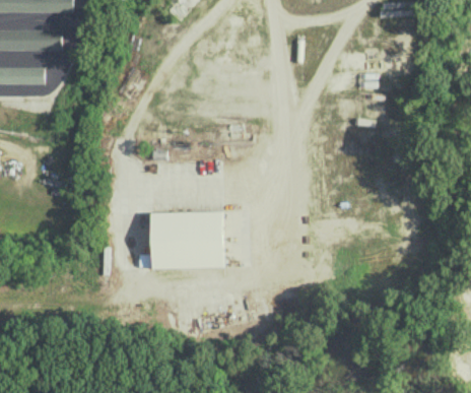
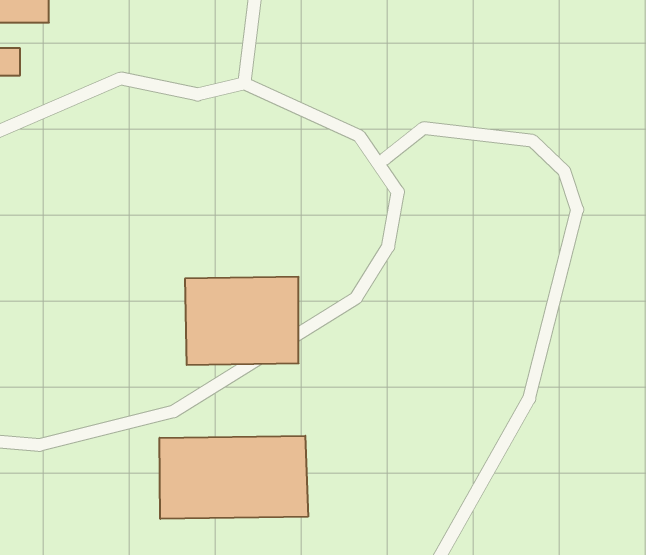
building: none -> [160,436,308,519]

